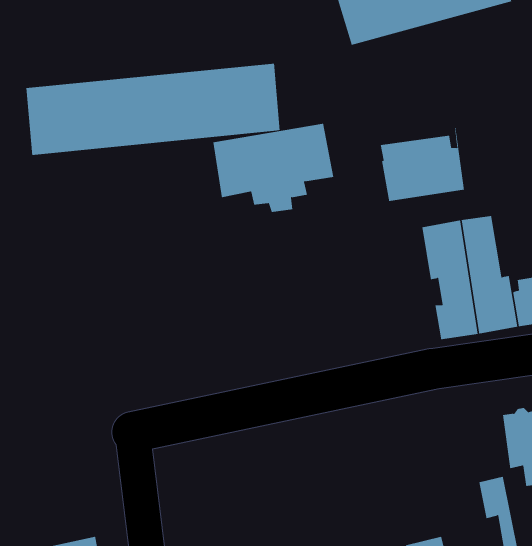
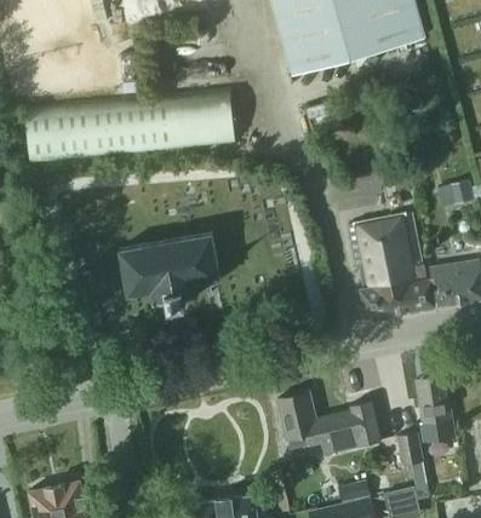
building: [213,123,334,212] -> [120,232,221,306]
building: [380,127,465,202] -> none
building: none -> [277,391,382,454]

